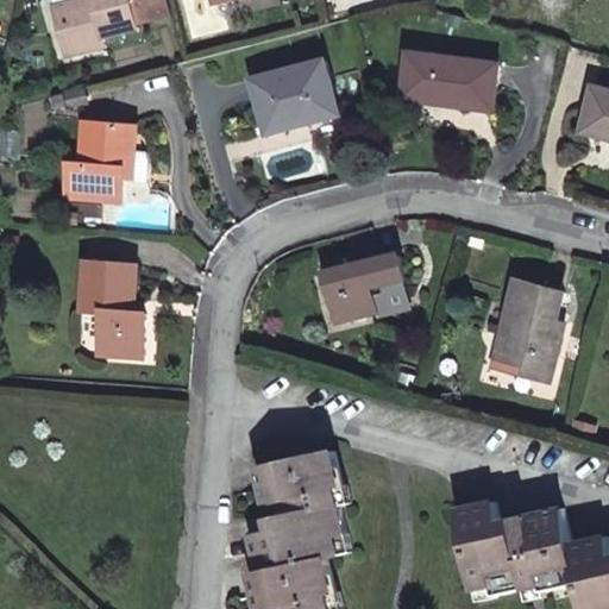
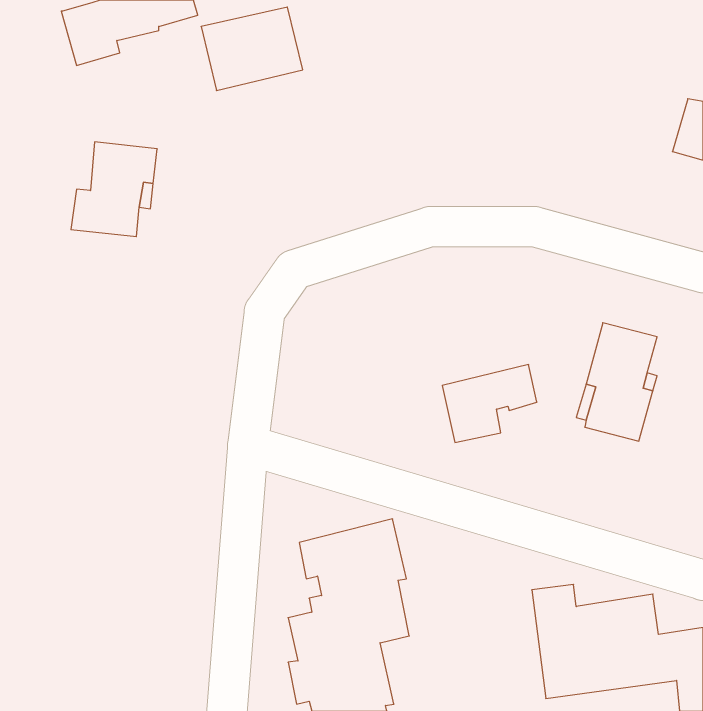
building: [397,54,490,112] -> none
building: [245,64,332,136] -> [201,7,303,91]
building: [324,249,404,315] -> [442,365,537,442]
building: [80,259,144,356] -> none

